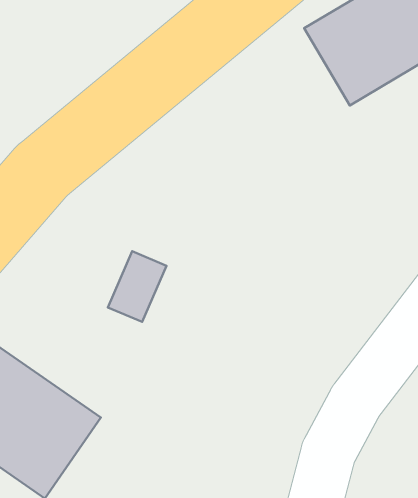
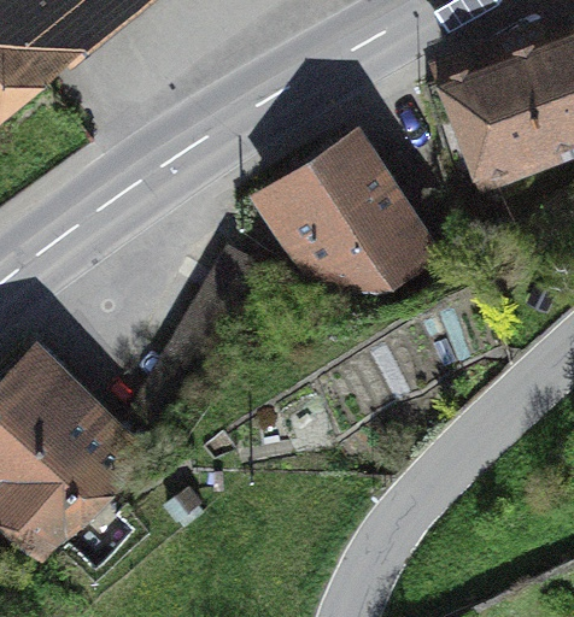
building: none -> [279,142,422,296]

